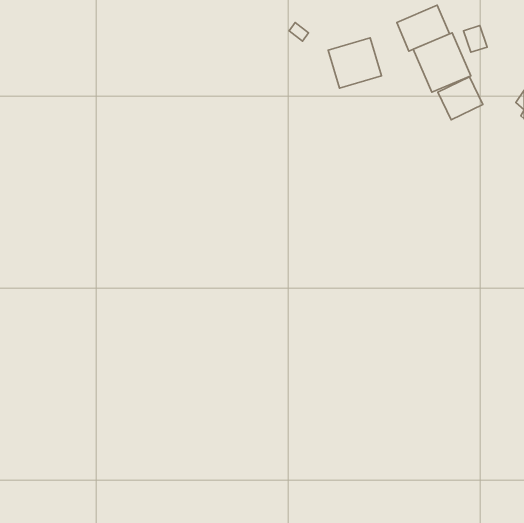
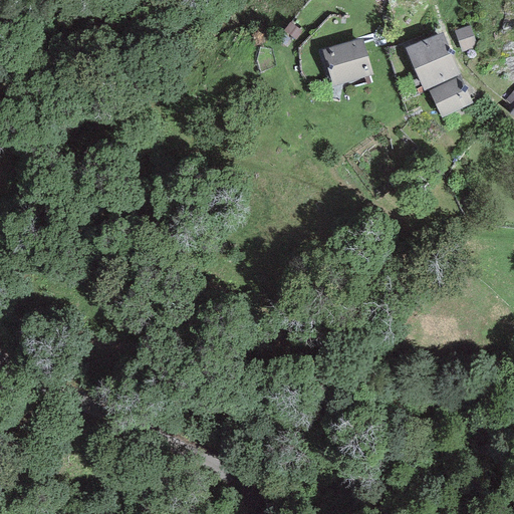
building: [397,5,449,51] -> none

